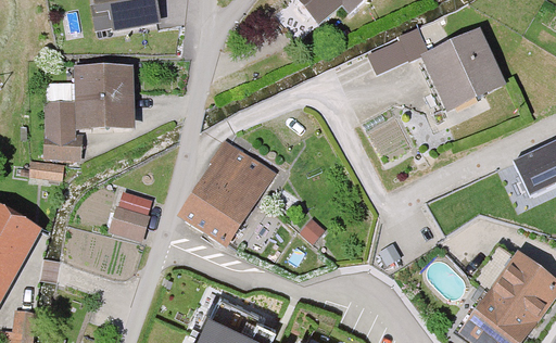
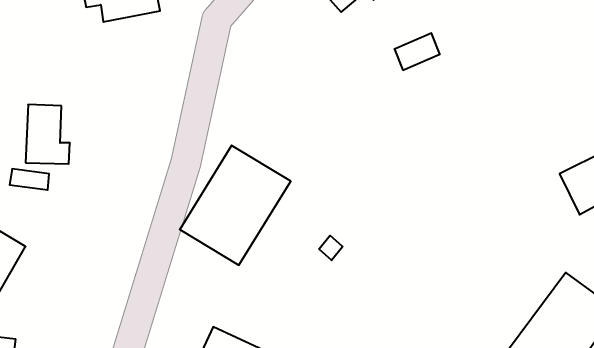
building: [424,29,505,110] -> none
building: [75,66,135,129] -> none
building: [108,190,151,240] -> none

